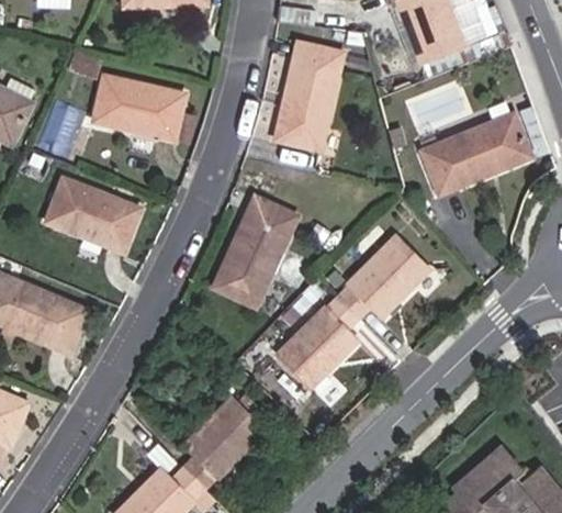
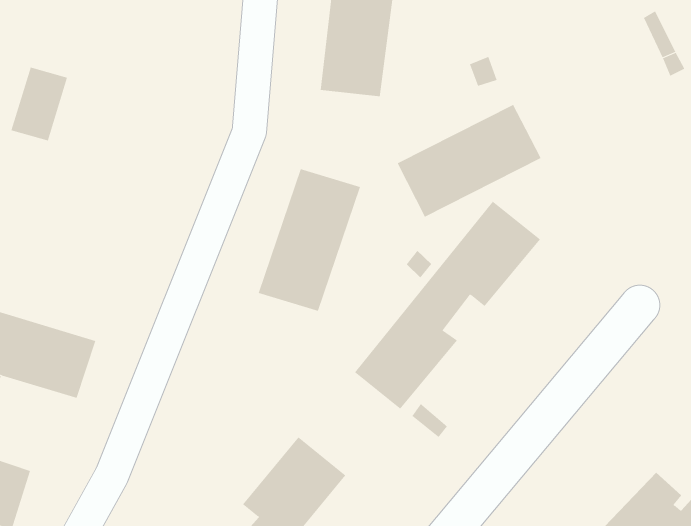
building: [92,75,183,138] -> none
building: [422,114,530,192] -> [397,104,541,217]
building: [45,177,139,250] -> none

